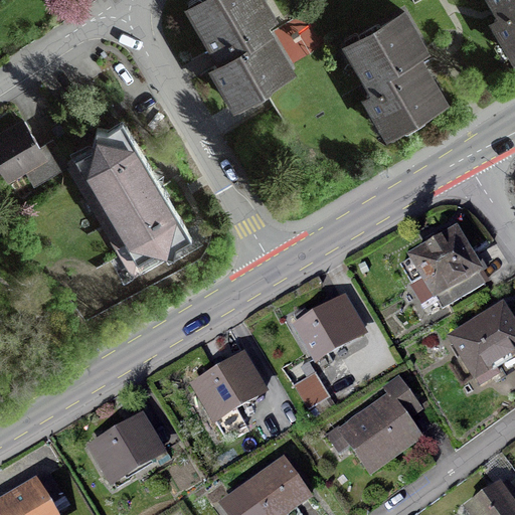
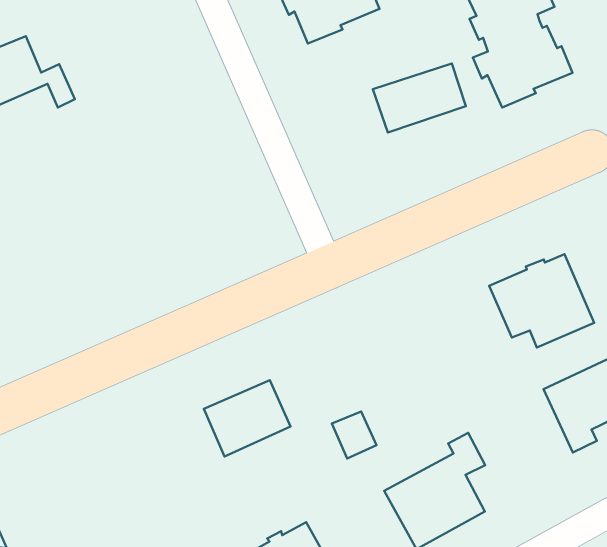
building: none -> [373,64,466,133]
building: [74,120,190,260] -> none
building: [293,301,361,360] -> none
building: [92,420,159,482] -> none

